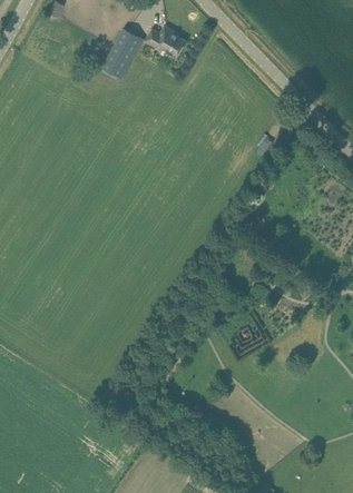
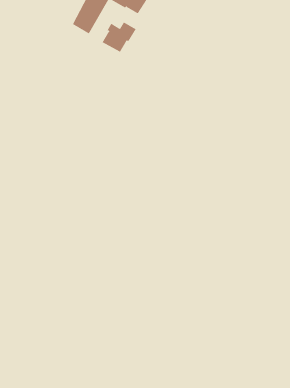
building: none -> [102,22,136,52]

